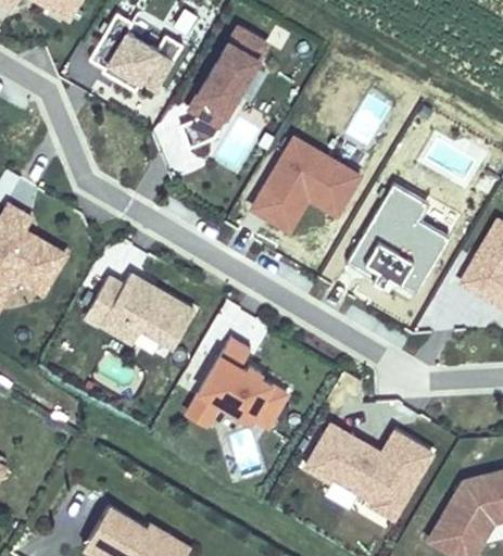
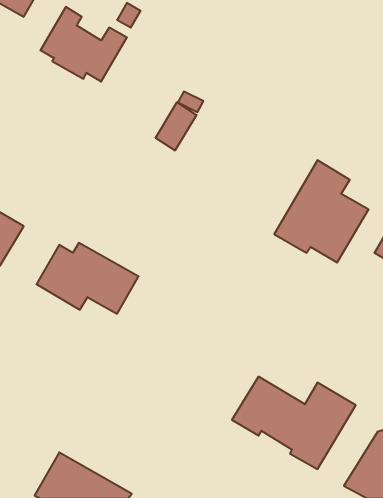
building: [180,23,271,147] -> none
building: [248,134,363,235] -> none
building: [183,337,291,431] -> none

